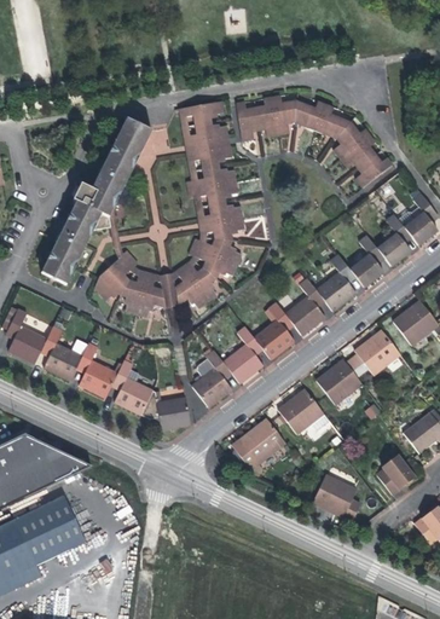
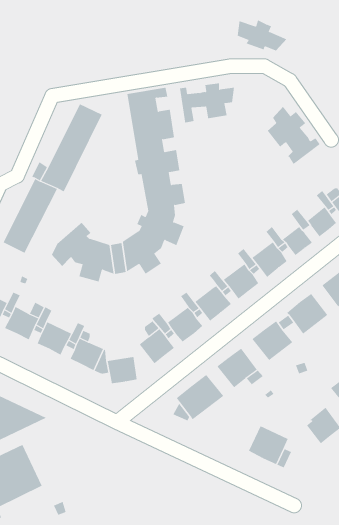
building: [295,99,351,134] -> [237,19,287,51]

